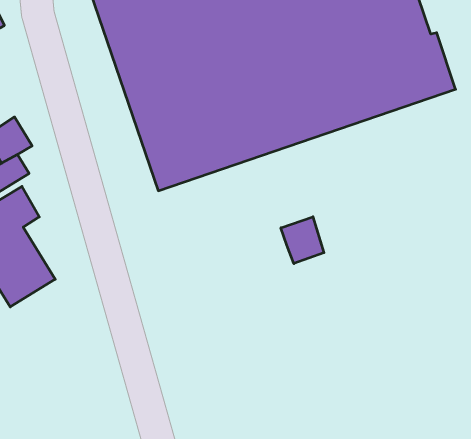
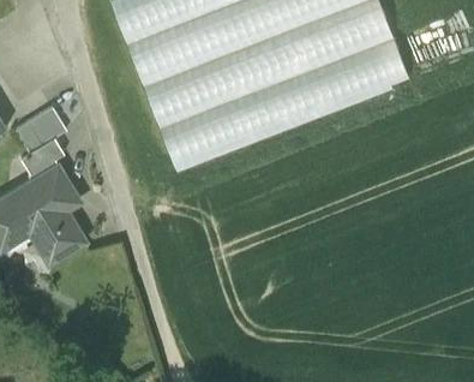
building: [281,217,324,264] -> none

